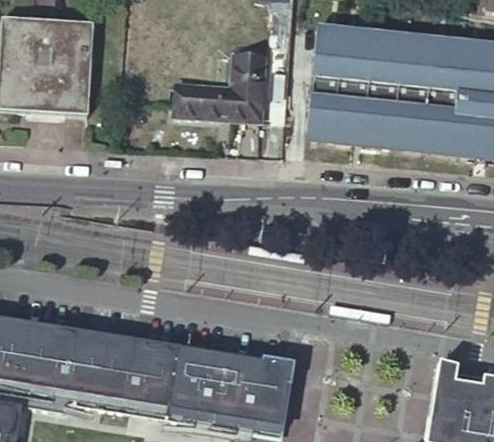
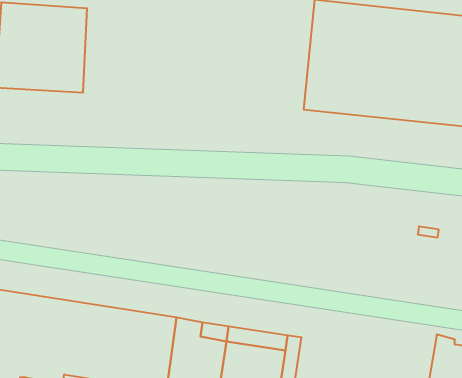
building: [174,40,265,119] -> none

